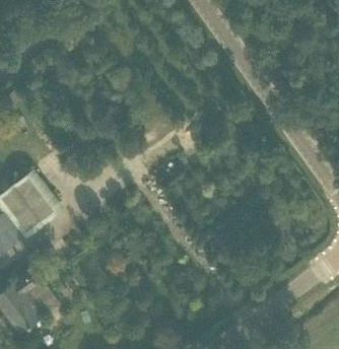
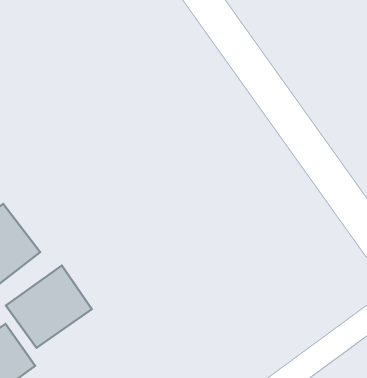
building: none -> [6,265,92,348]

